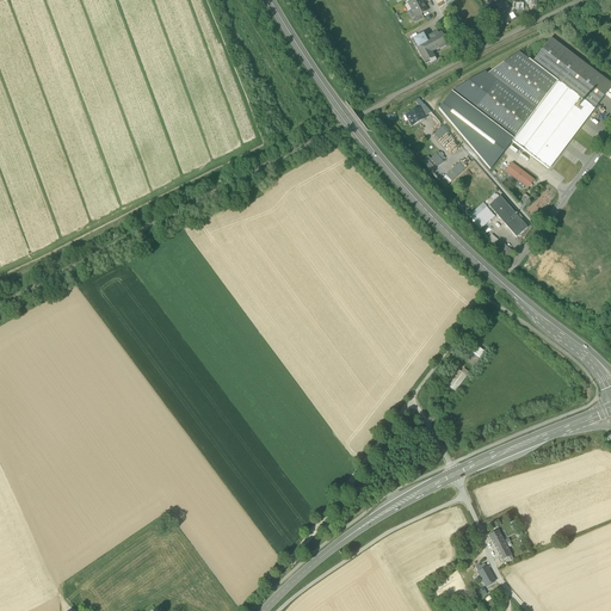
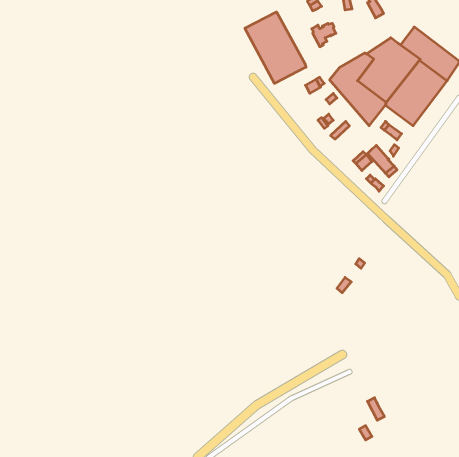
building: none -> [245,12,306,83]

